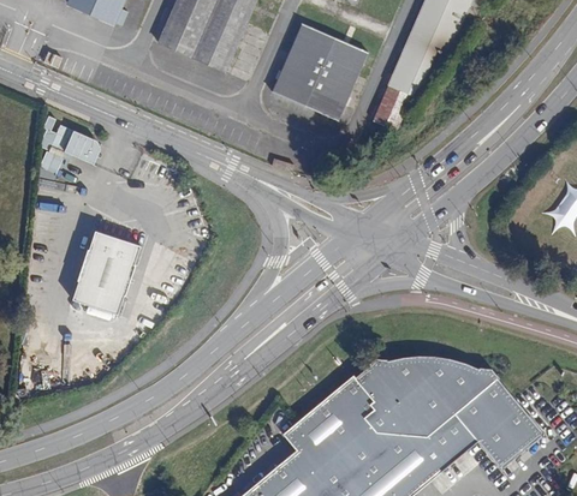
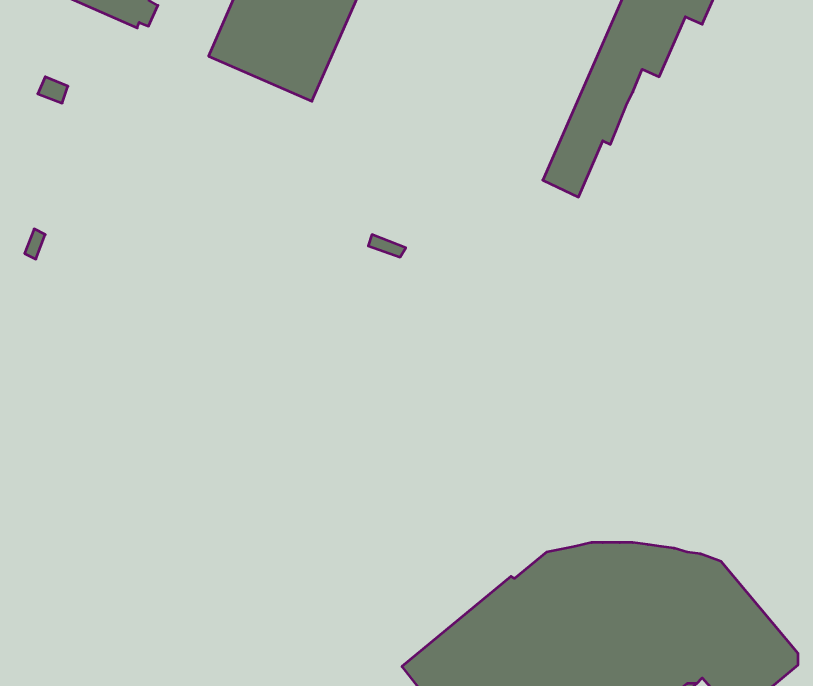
building: [270,25,365,121] -> none
building: [49,126,93,161] -> none
building: [75,233,142,315] -> none

